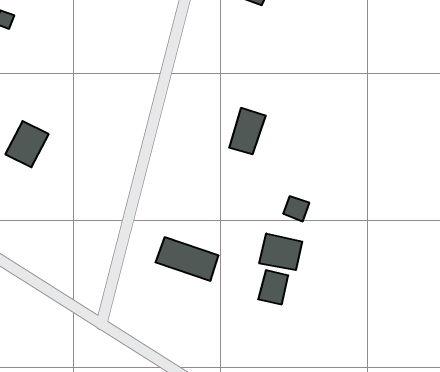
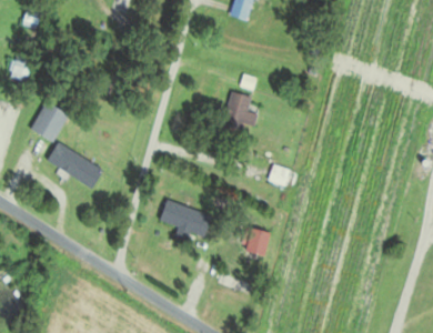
building: none -> [48,143,104,190]
building: [259,233,302,270] -> none

